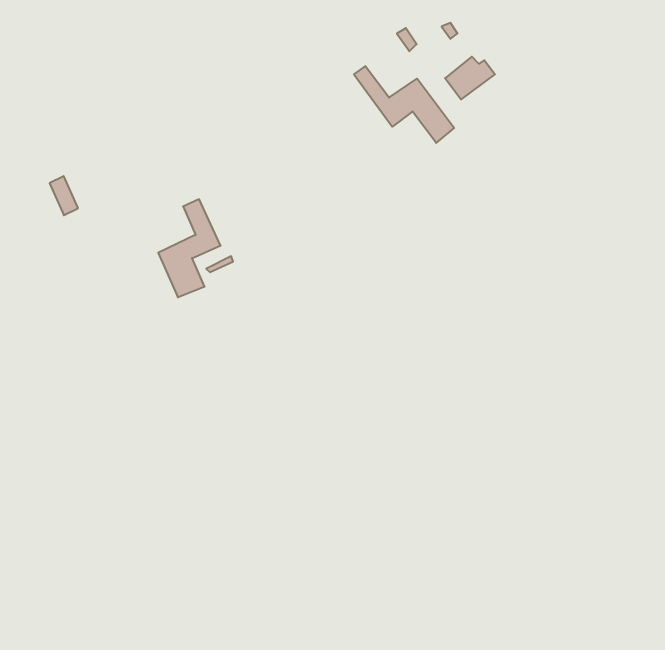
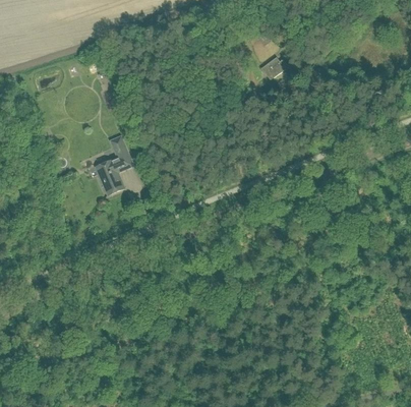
building: [354,66,454,143] -> none

